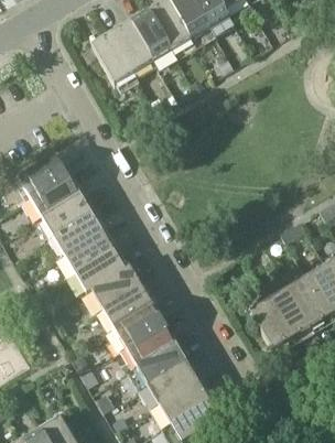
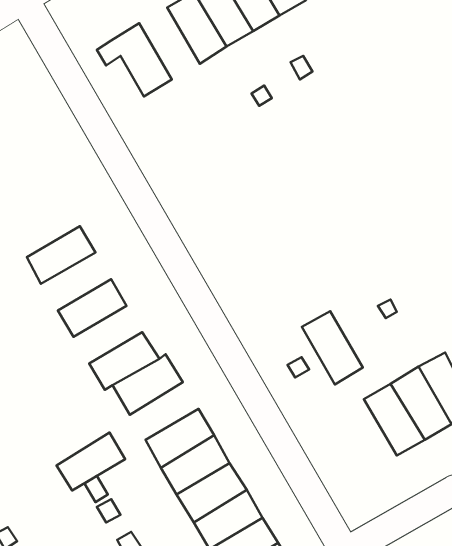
building: [111,21,154,72] -> none
building: [19,153,69,197] -> none
building: [42,194,91,235] -> none
building: [65,231,114,272] -> none
building: [105,285,153,326] -> [57,433,125,490]
building: [250,298,293,349] -> [302,311,363,385]

